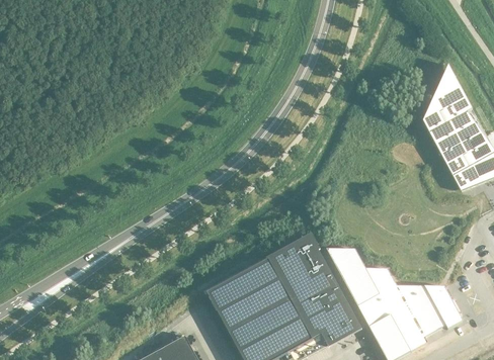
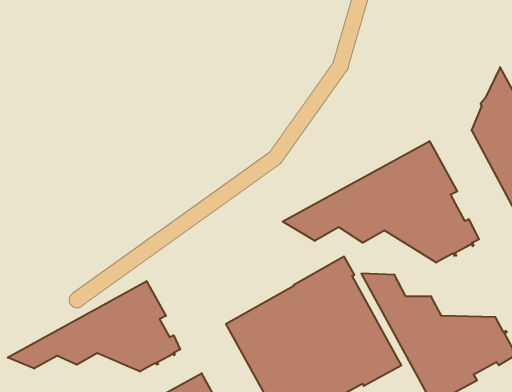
building: none -> [283,141,479,263]
building: none -> [8,281,180,372]

